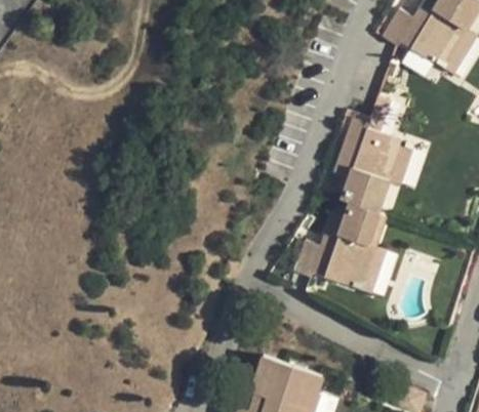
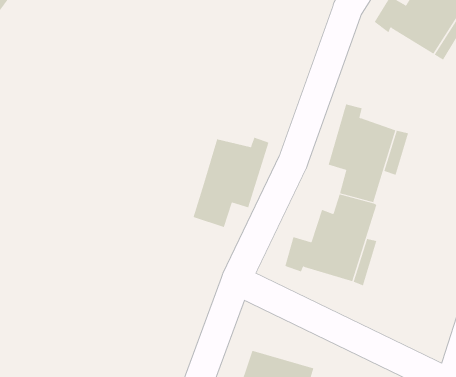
building: none -> [193,137,269,228]

